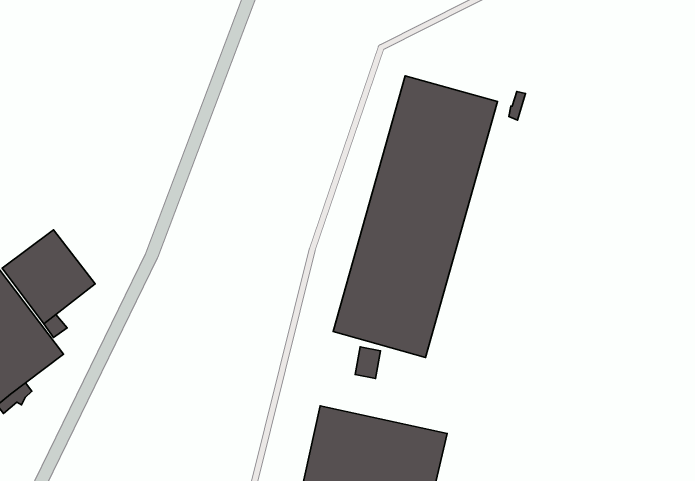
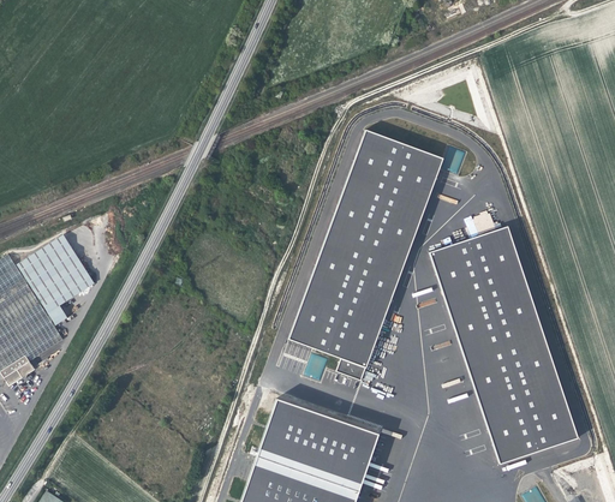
building: none -> [430,226,577,461]

